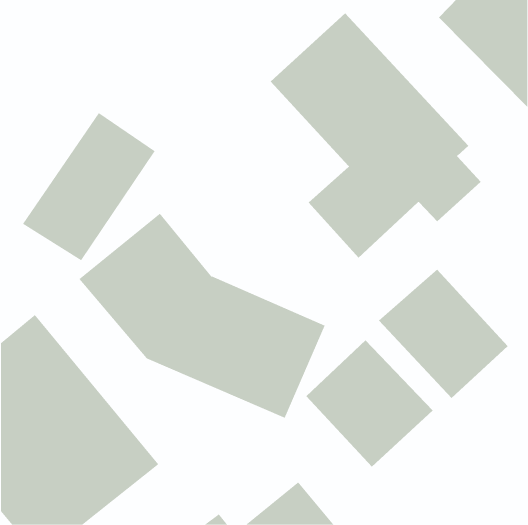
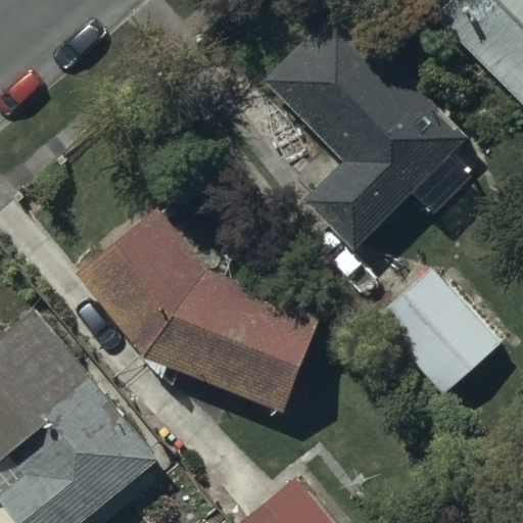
building: [22,112,156,261] -> none
building: [306,340,434,467] -> none

